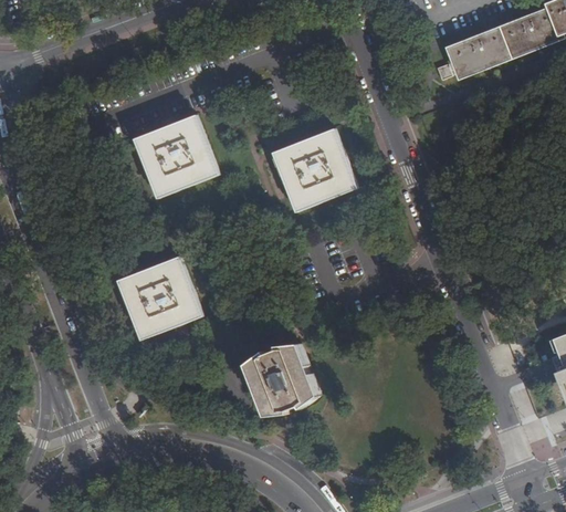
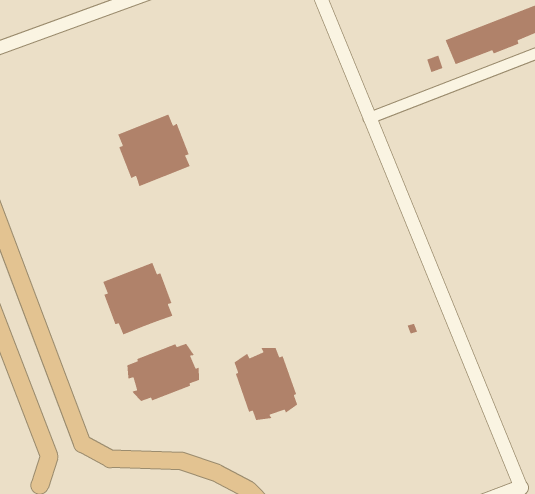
building: [276,133,348,206] -> none
building: none -> [127,343,200,402]

